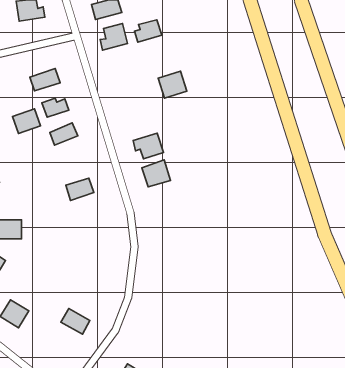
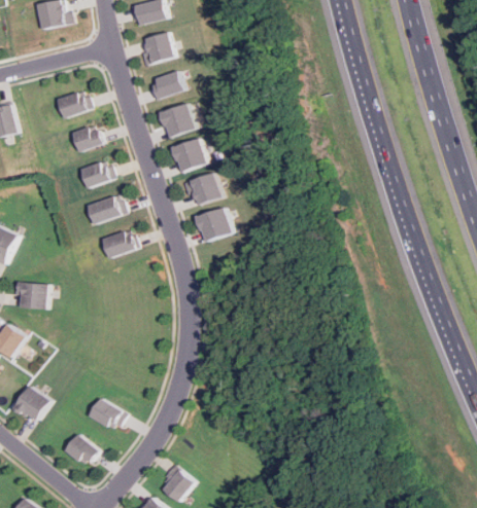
building: [134,20,162,42] -> [151,71,186,100]
building: [158,71,187,98] -> [160,103,197,138]
building: none -> [172,138,209,173]
building: [13,109,41,134] -> none
building: none -> [81,195,123,224]
building: none -> [66,435,100,467]

